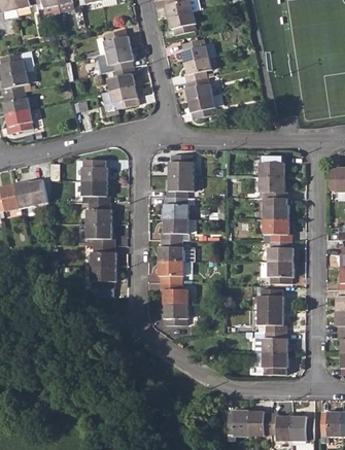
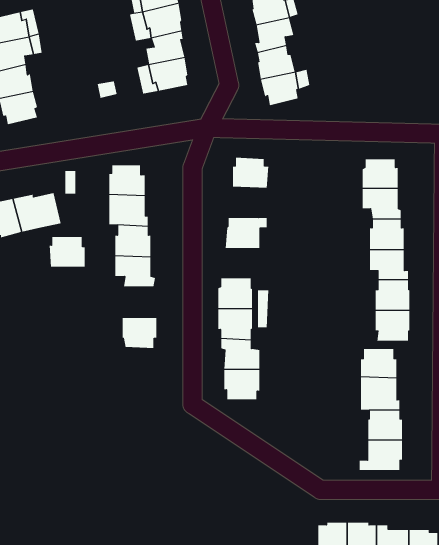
building: [165,175,193,197] -> none
building: [160,218,196,239] -> none
building: [90,245,115,267] -> [49,236,85,267]

